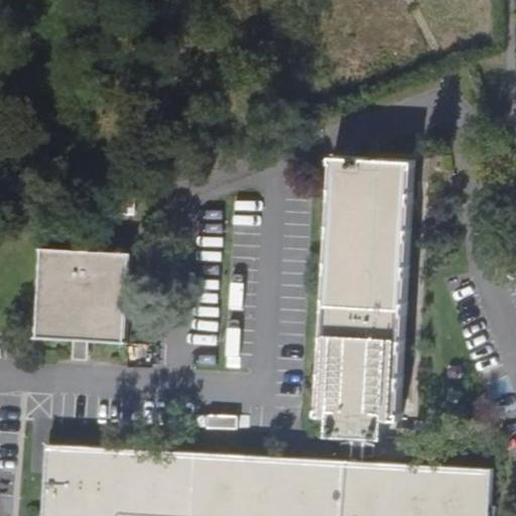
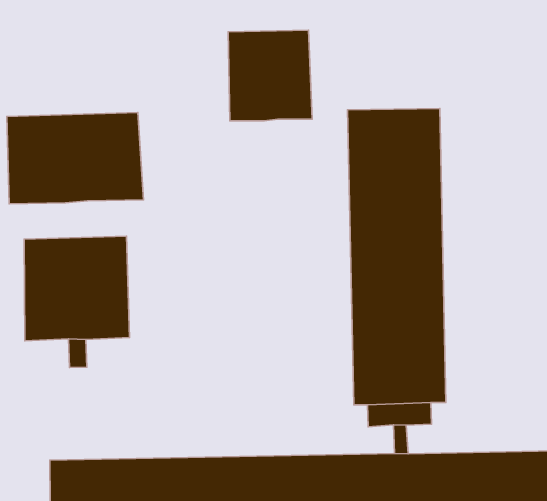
building: none -> [228,30,312,121]
building: none -> [7,113,144,204]

